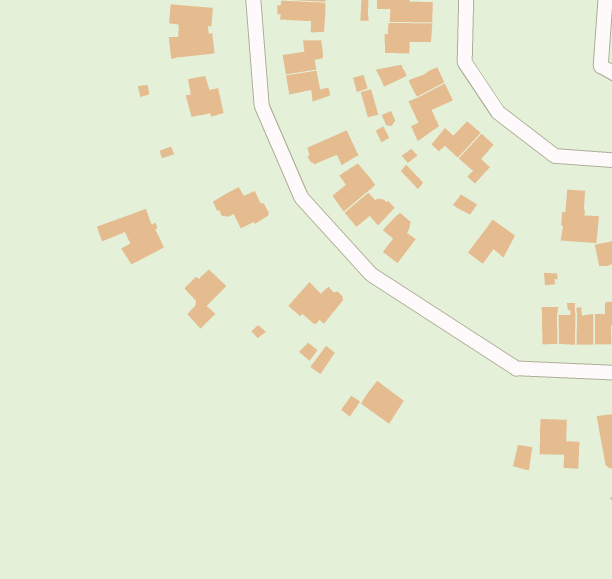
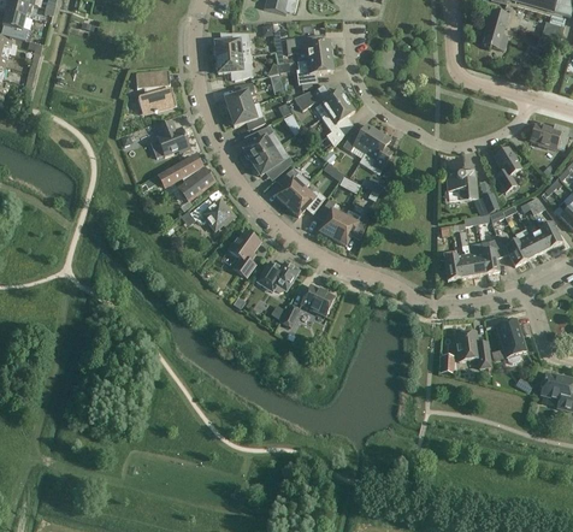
building: none -> [243,126,279,162]
building: [96,208,165,265] -> [158,156,211,200]
building: [467,219,516,265] -> [332,209,366,244]
building: [184,268,227,330] -> [228,231,259,277]
building: [360,380,405,425] -> [300,284,332,315]

